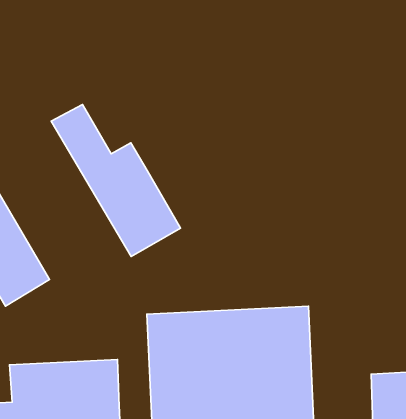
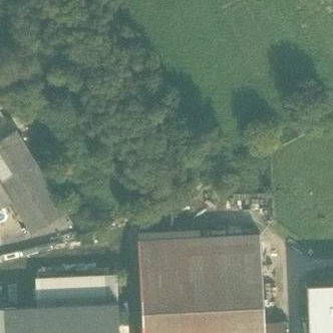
building: [51,105,181,257] -> none

